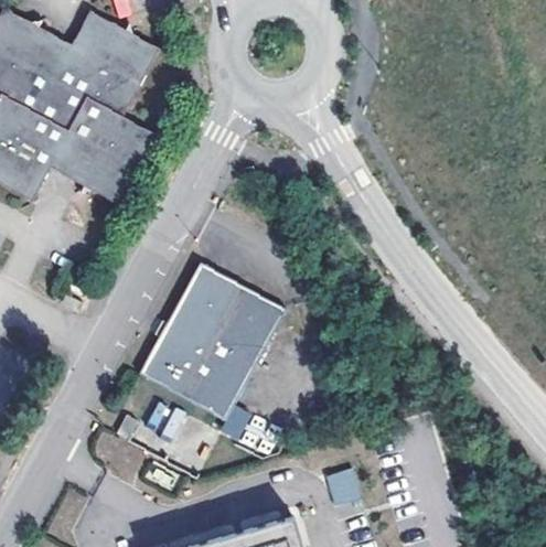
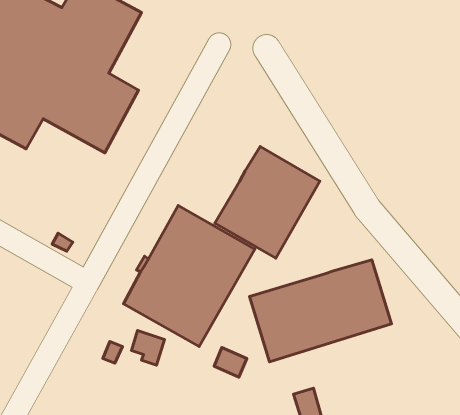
building: none -> [215,147,320,258]
building: none -> [249,260,391,362]

